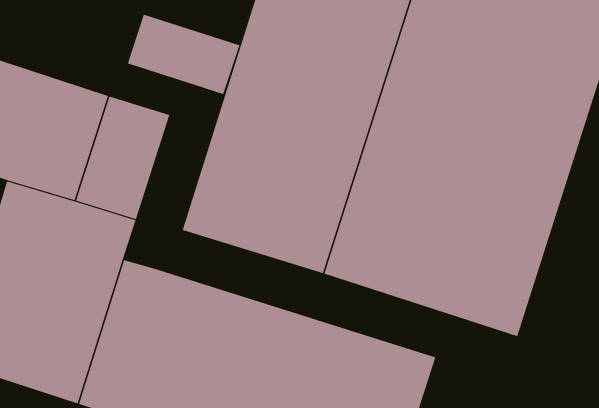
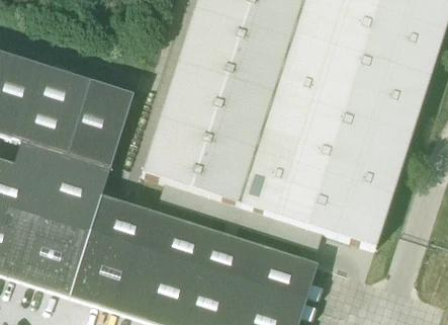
building: [127,14,240,95] -> none

